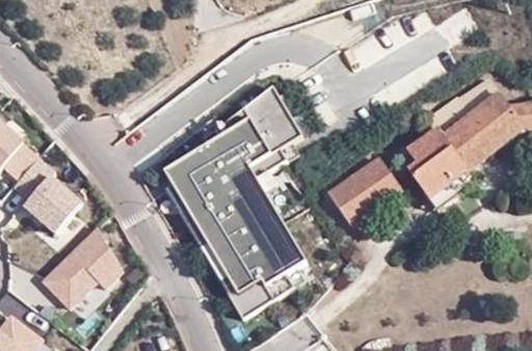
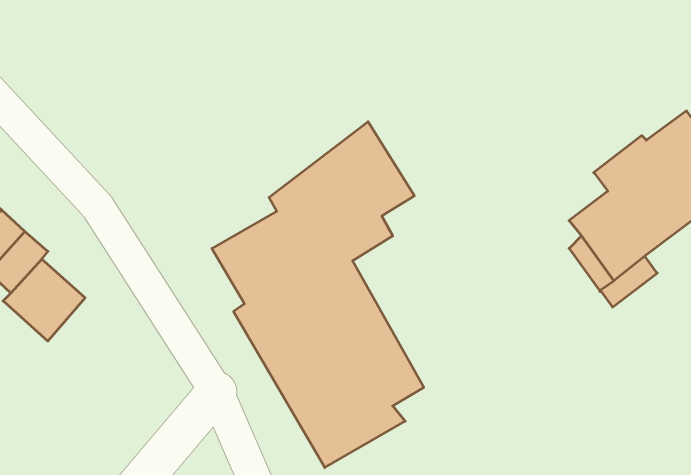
building: [326,157,399,224] -> none
building: [43,228,121,306] -> none

